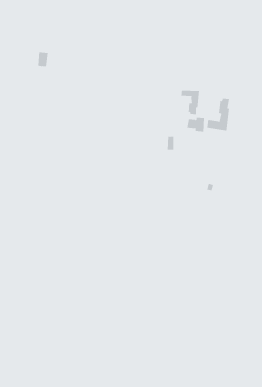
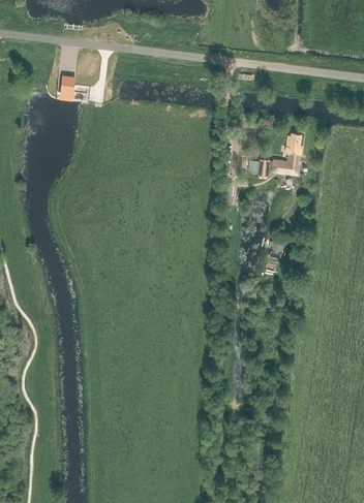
building: [181,90,200,115] -> none

